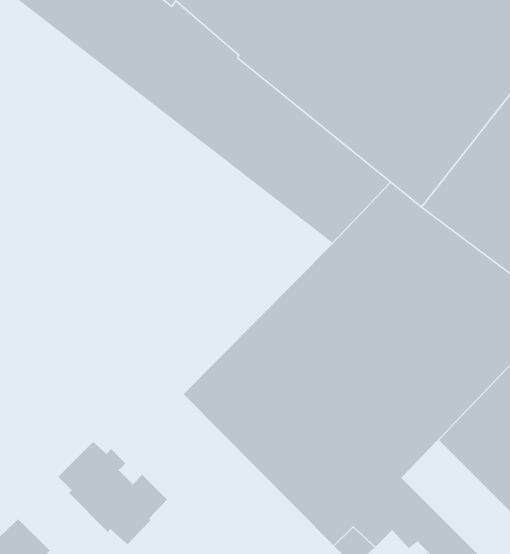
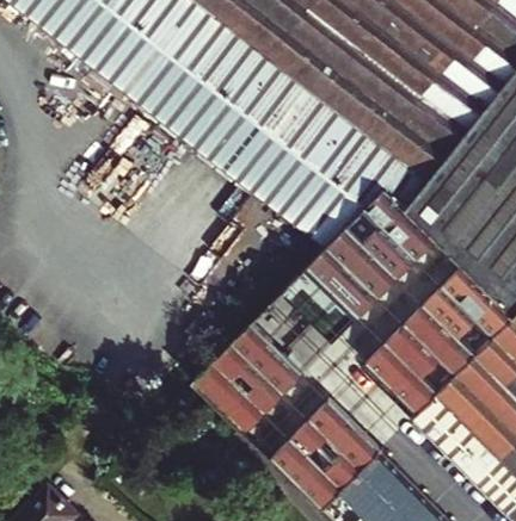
building: [58,441,168,545] -> none

